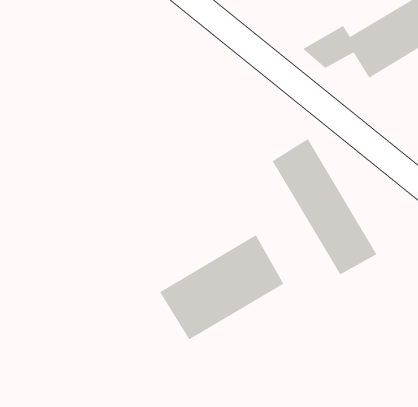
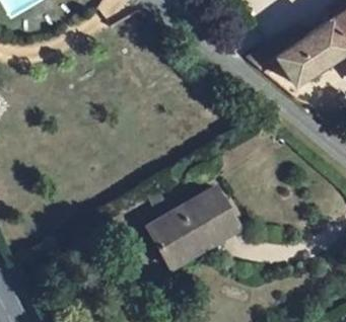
building: [272,138,377,275] -> none

